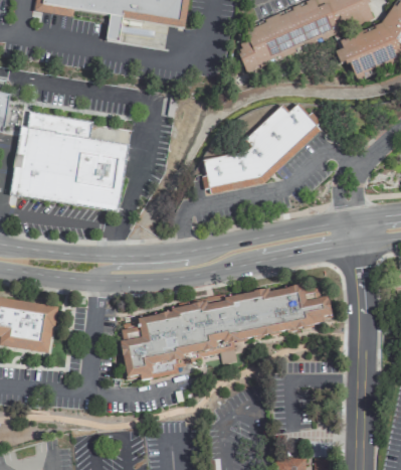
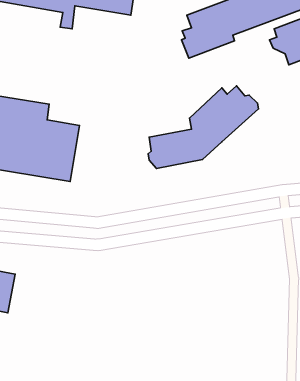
building: [118,285,332,380] -> none

